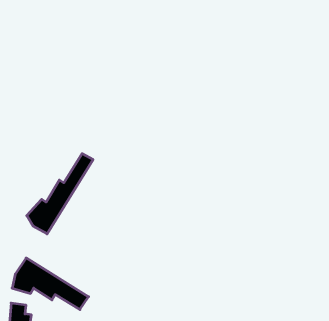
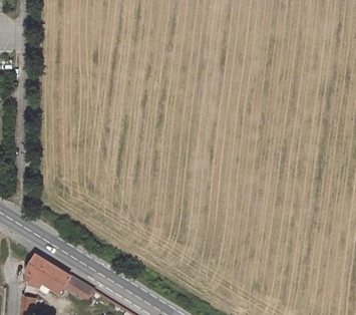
building: [27,154,93,234] -> none

